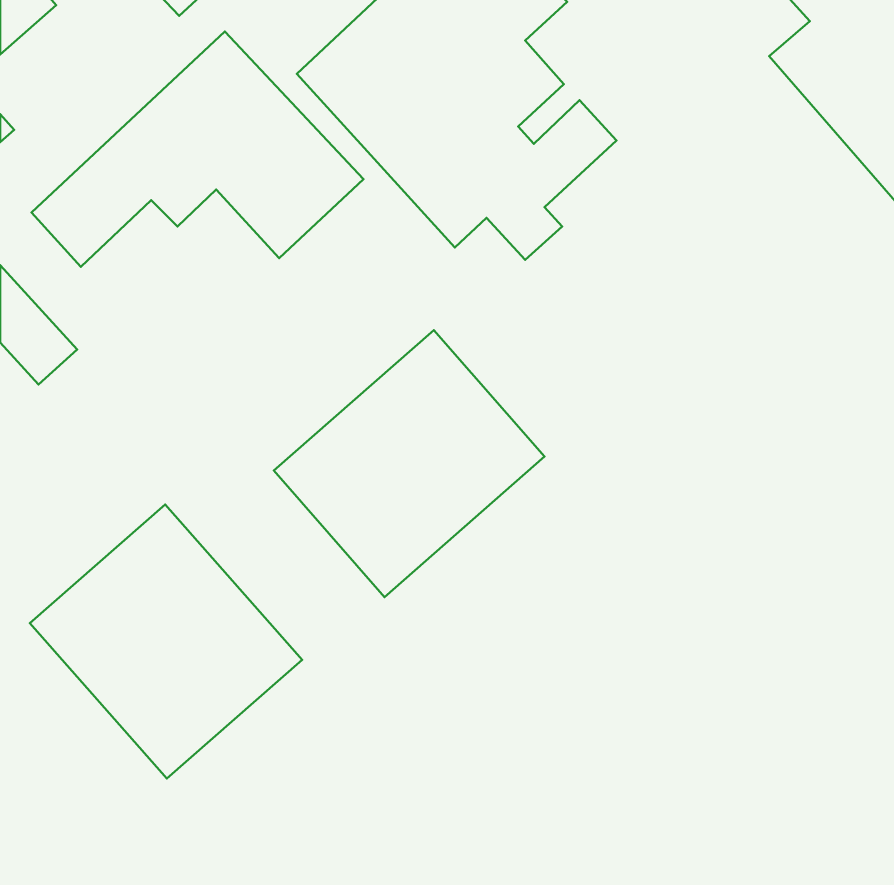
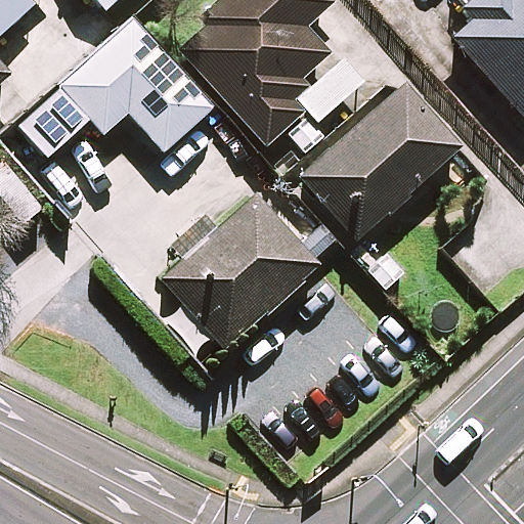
building: none -> [301,86,458,239]
building: [30,504,302,778] -> none

